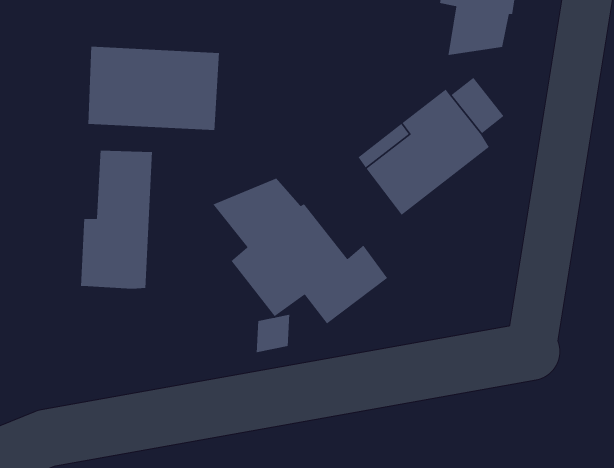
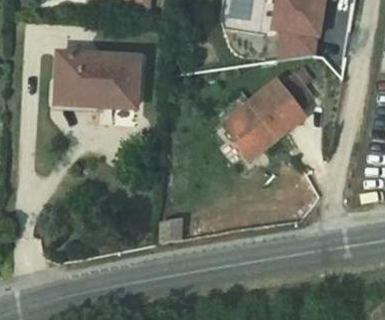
building: [80,150,153,290] -> none
building: [212,177,388,324] -> none

